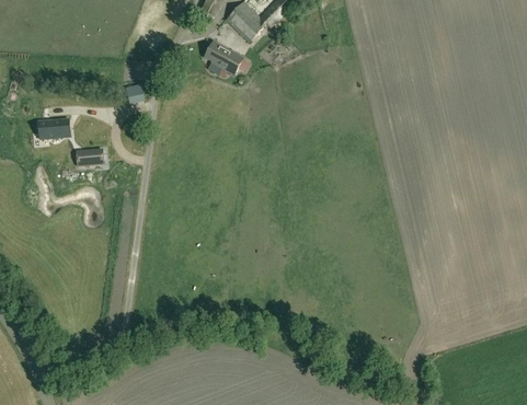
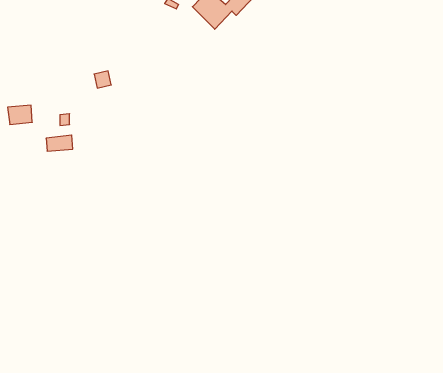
building: [204,42,242,76] -> none

